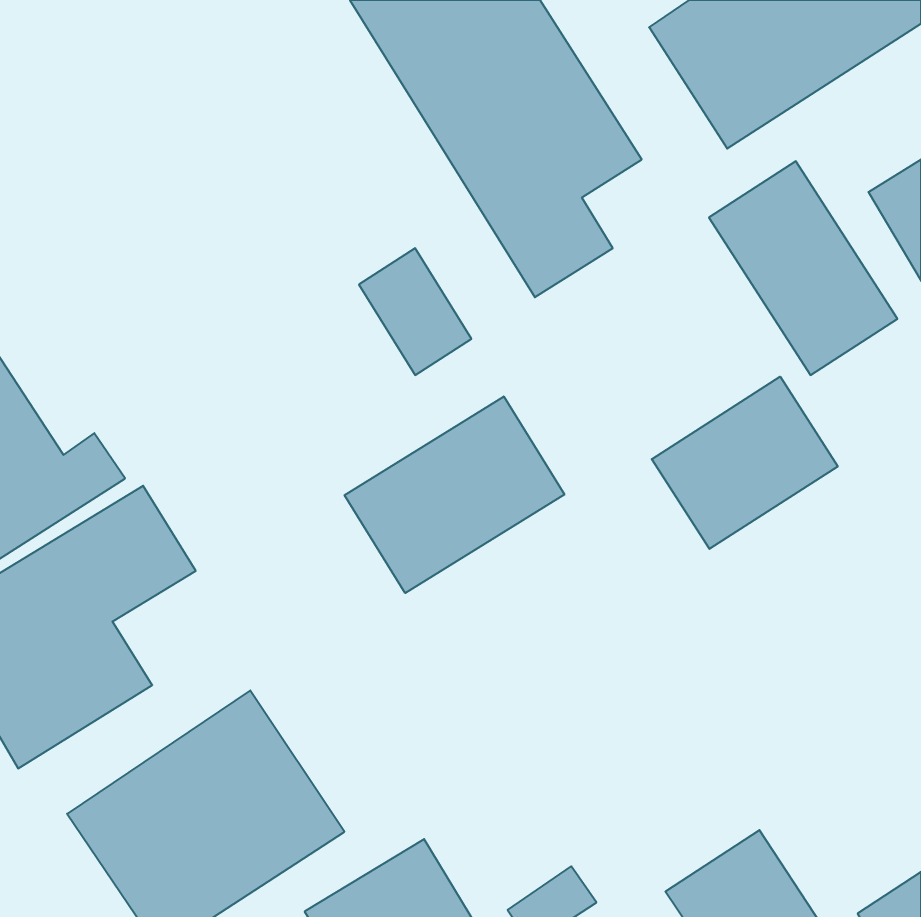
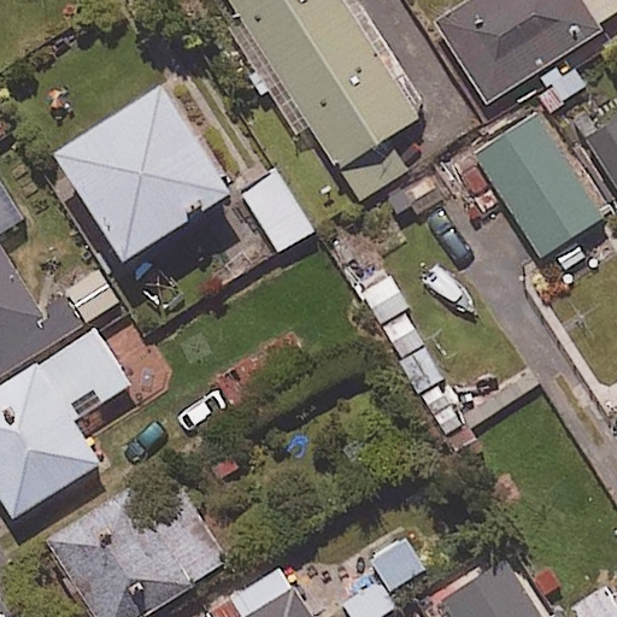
building: none -> [59,80,235,255]
building: [652,377,838,549] -> none
building: [345,396,564,593] -> none

